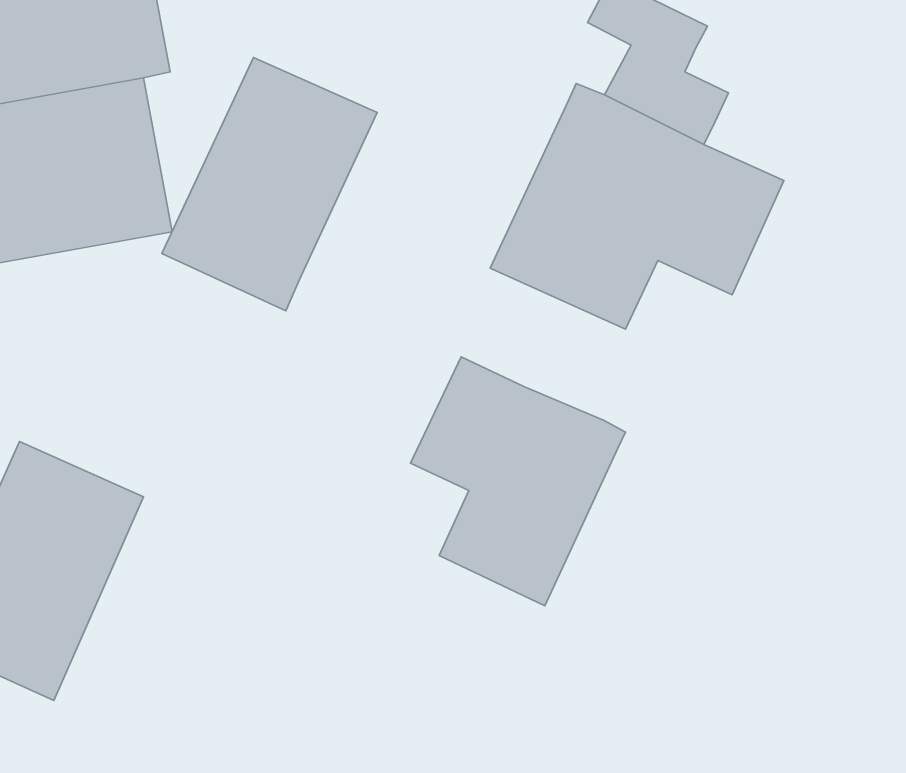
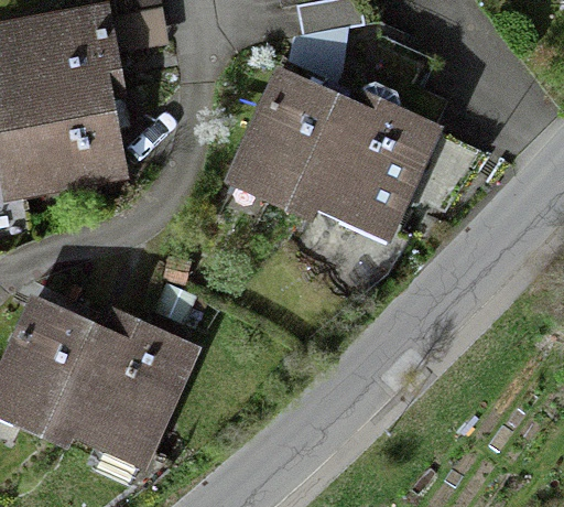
building: [162,57,377,311] -> [225,66,349,213]
building: [410,357,626,606] -> none
building: none -> [52,317,199,473]

